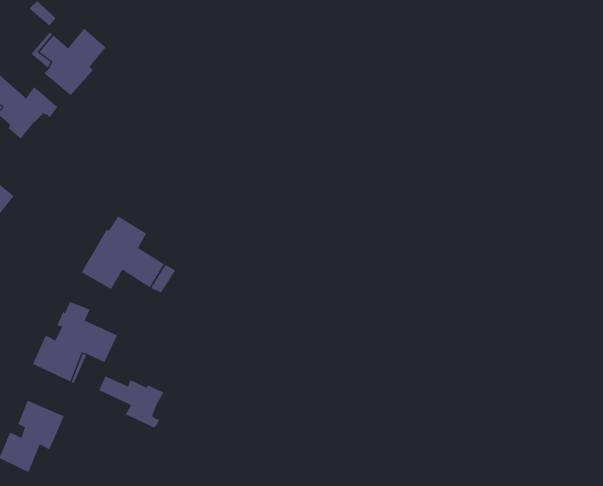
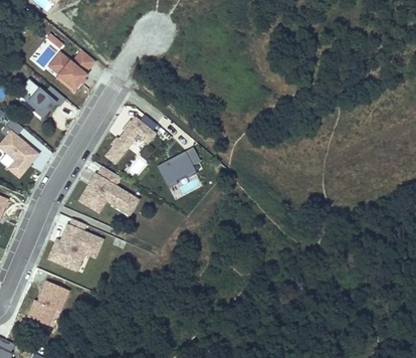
building: none -> [105,115,157,164]
building: none -> [157,148,200,189]
building: [98,376,164,429] -> none

